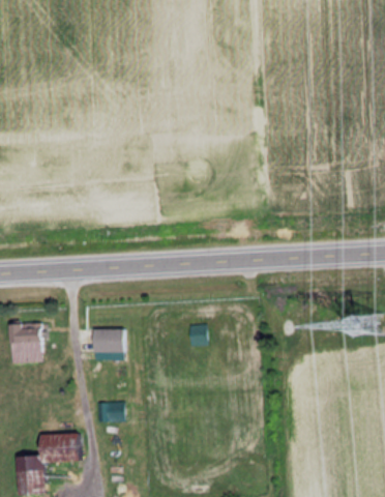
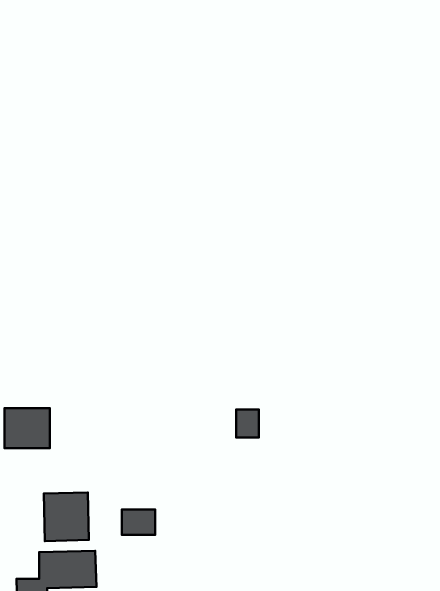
building: [89,330,124,352] -> none
building: none -> [44,493,89,541]

